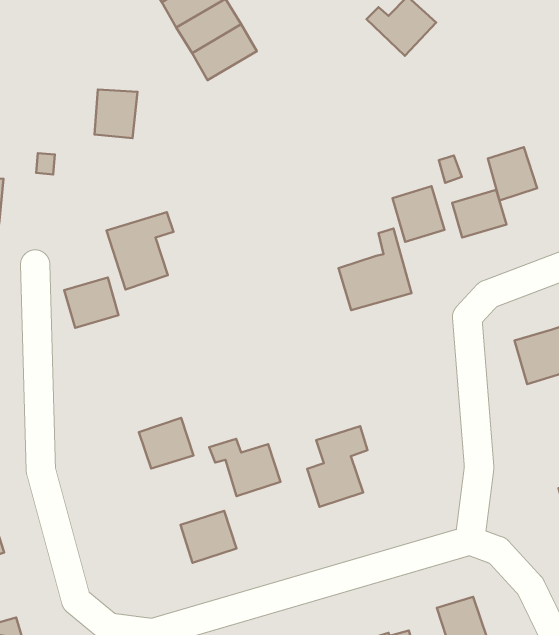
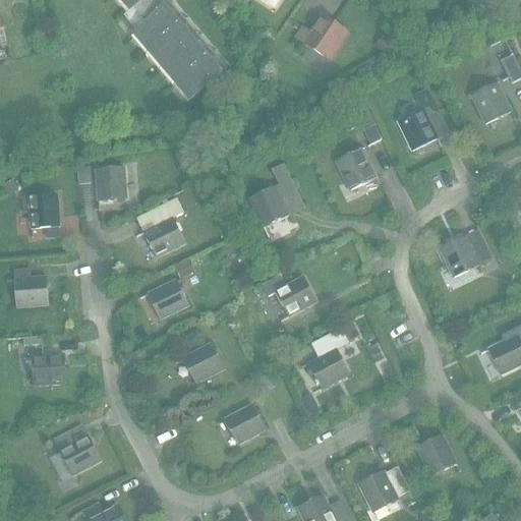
building: [94,89,137,138] -> [96,167,126,202]
building: [452,190,506,237] -> none
building: [338,229,411,310] -> [249,163,304,226]
building: [64,278,119,328] -> [148,279,189,319]
building: [209,439,281,496] -> [263,276,317,316]

